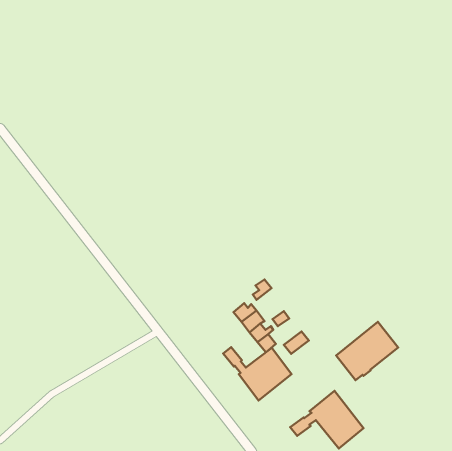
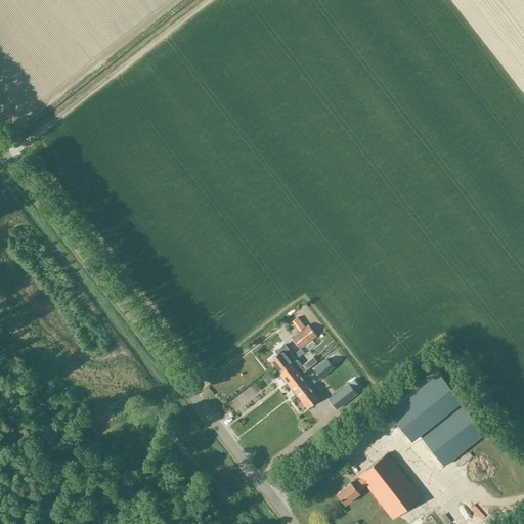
building: [223,347,291,400] -> none
building: none -> [420,404,484,466]

